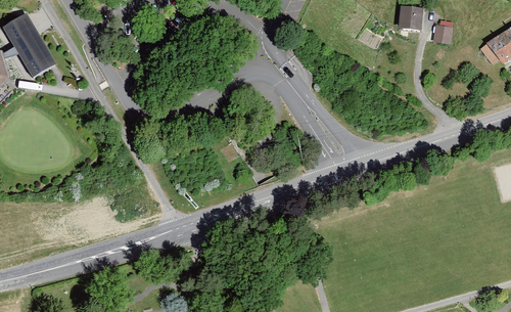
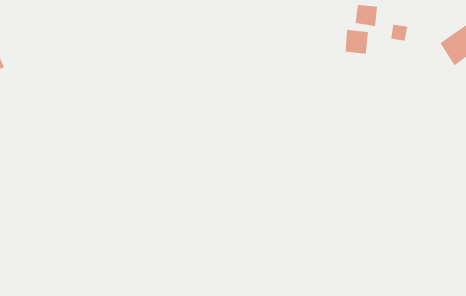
building: none -> [345,29,369,54]

